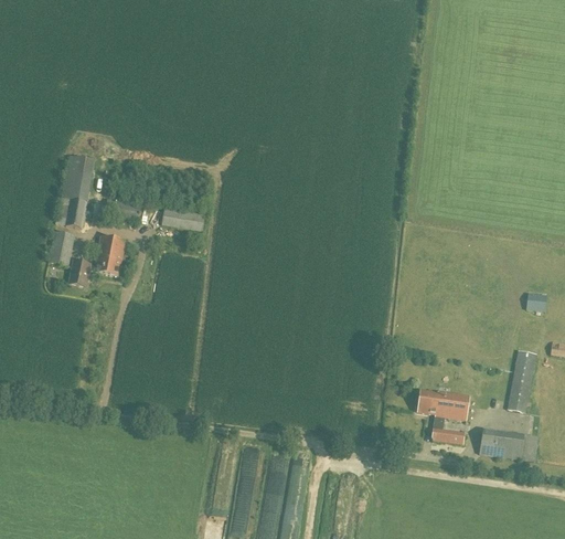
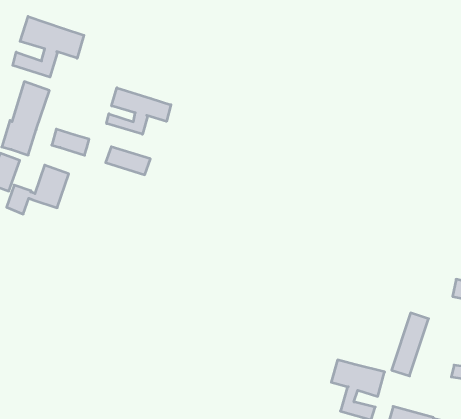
building: none -> [13,16,84,77]
building: none -> [107,88,171,134]
building: [507,349,536,412] -> [392,313,429,376]

